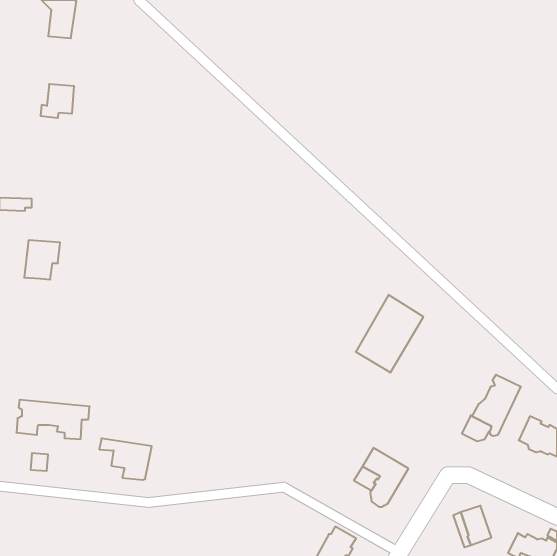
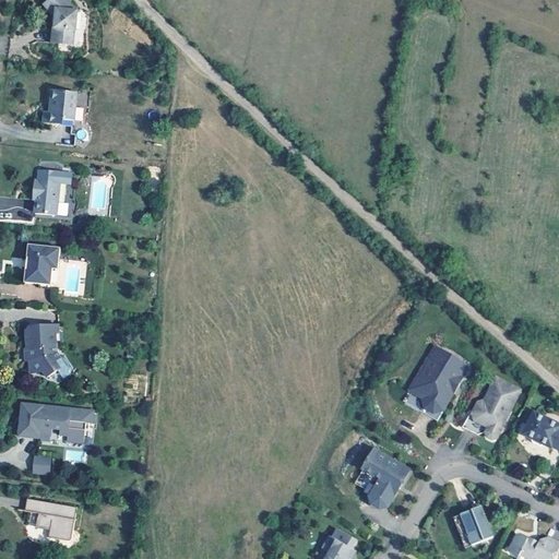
building: none -> [33,177,58,213]
building: [356,295,423,372] -> [406,336,474,414]
building: none -> [24,322,60,376]
building: [99,438,152,480] -> [22,498,74,539]

